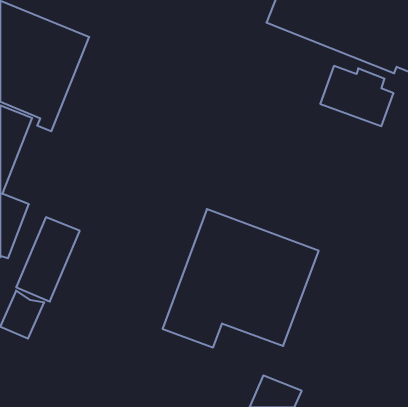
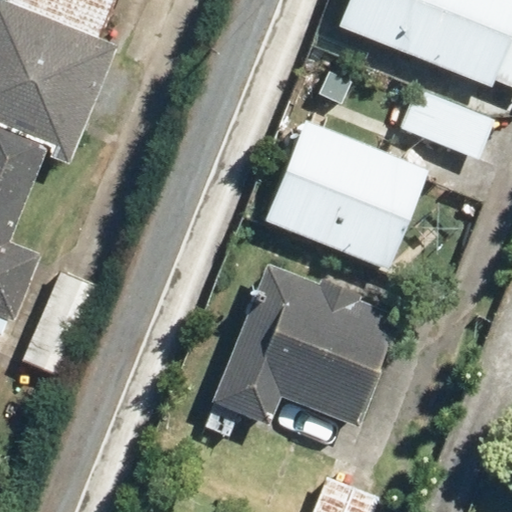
building: none -> [263,116,432,269]

